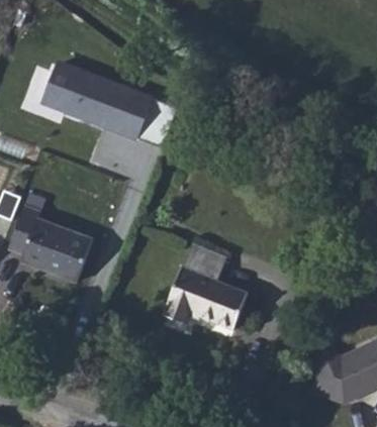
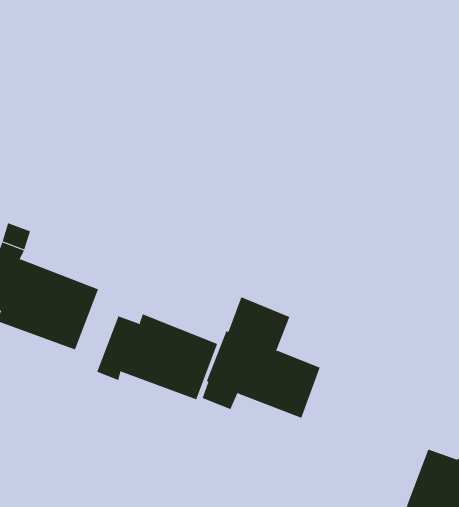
building: [42,62,177,144] -> none
building: none -> [97,313,218,400]

